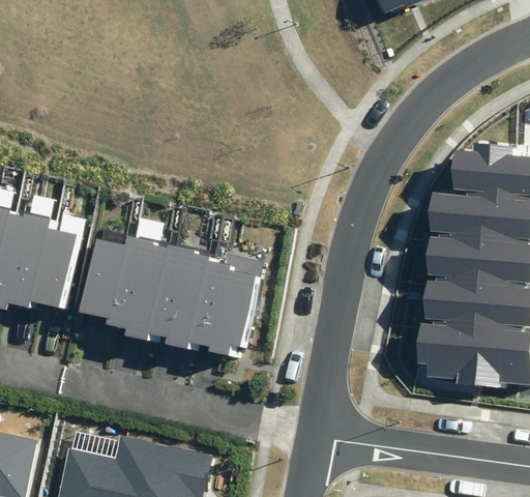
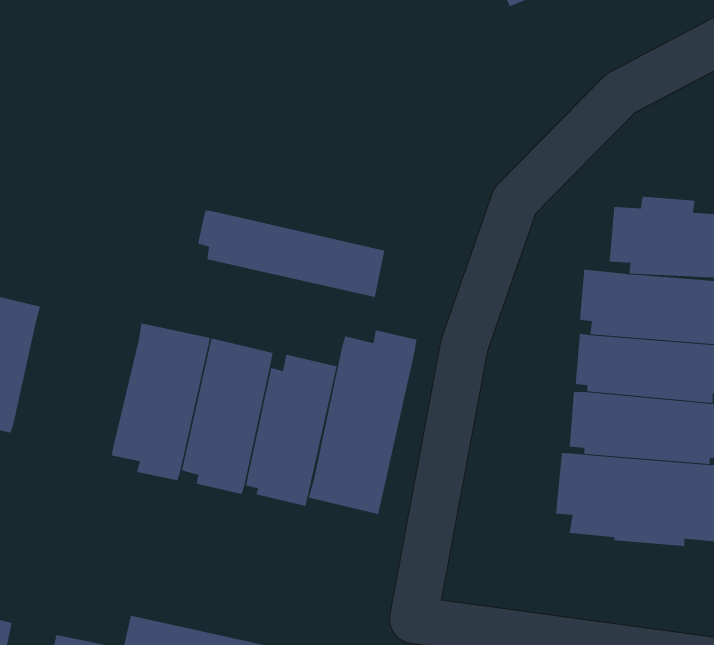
building: none -> [197,210,385,298]
building: [39,232,82,309] -> none
building: none -> [308,329,417,515]
building: [79,237,125,318] -> none

